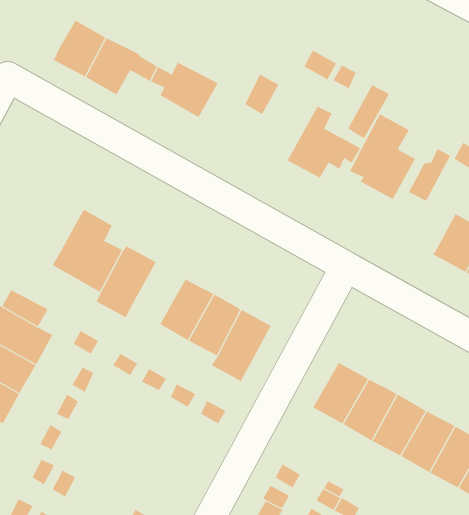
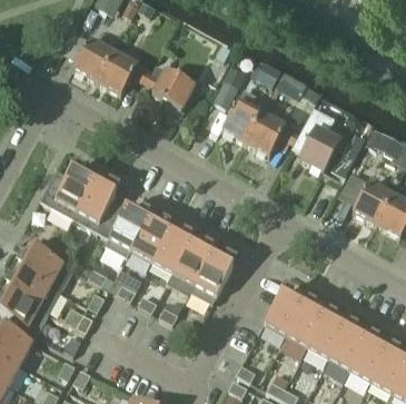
building: none -> [222,88,268,141]
building: none -> [41,165,97,218]
building: none -> [131,216,171,262]

